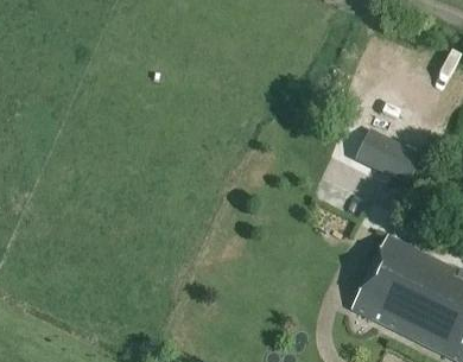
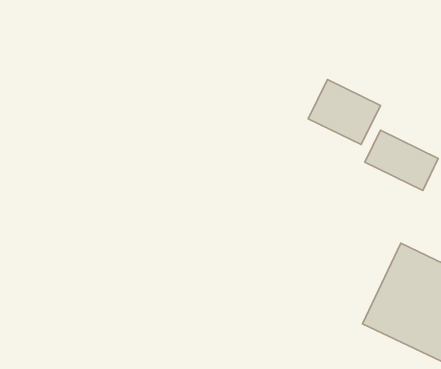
building: none -> [308,80,381,145]

